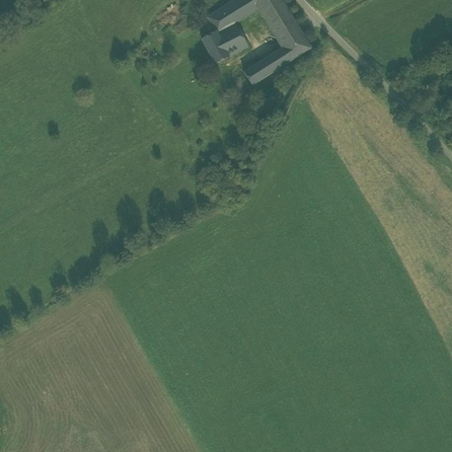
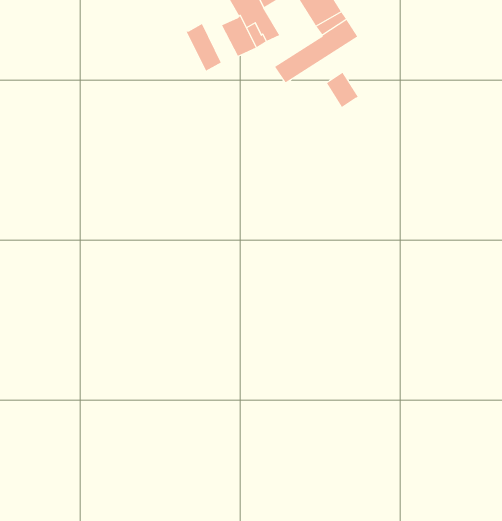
building: none -> [186,23,221,71]
building: none -> [326,72,359,108]

